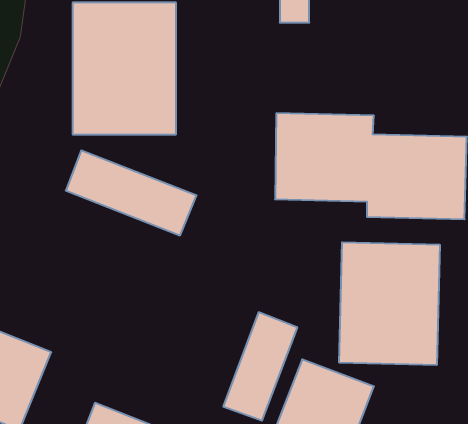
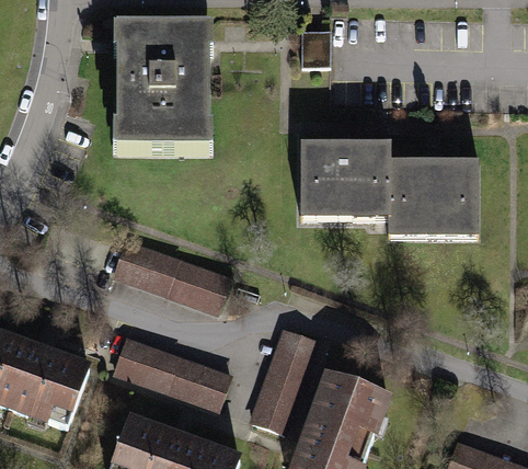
building: [66,151,197,235] -> [112,232,233,311]
building: [339,242,440,365] -> none
building: none -> [113,329,233,408]

